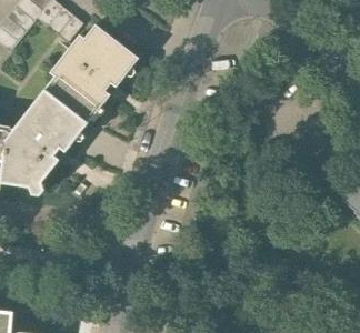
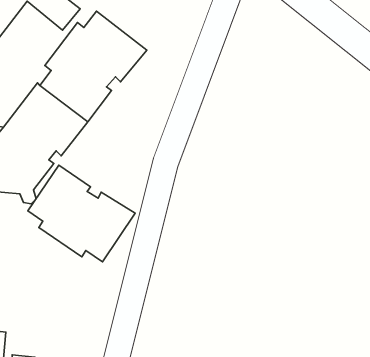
building: none -> [28,165,135,262]

